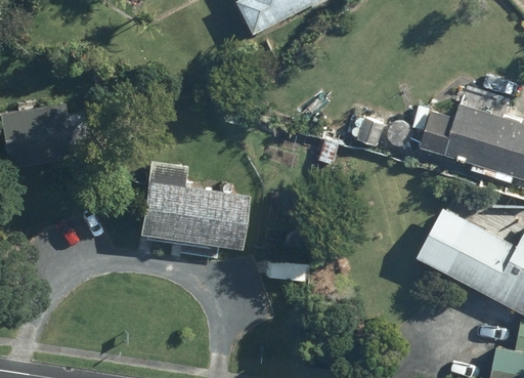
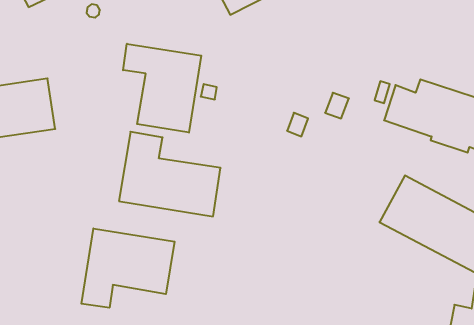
building: none -> [123,44,201,133]
building: none -> [81,228,175,308]

